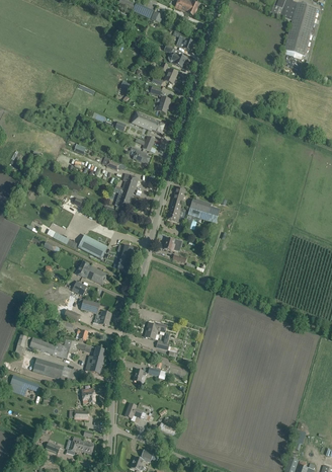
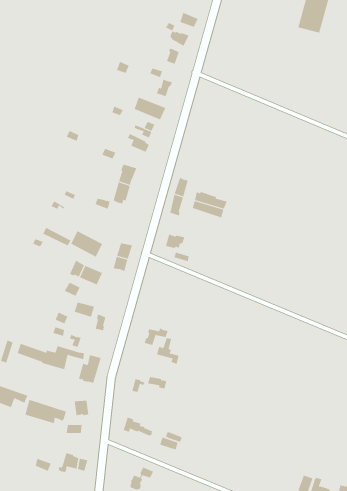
building: [32,357,71,379] -> [24,399,67,424]

